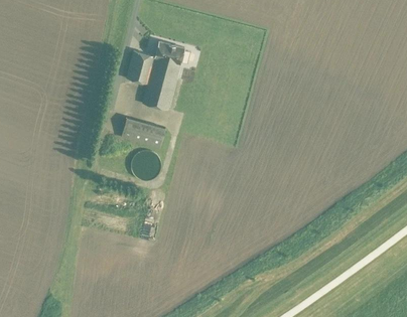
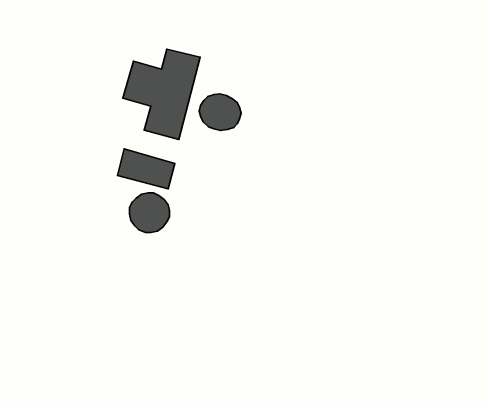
building: none -> [199,94,241,131]

